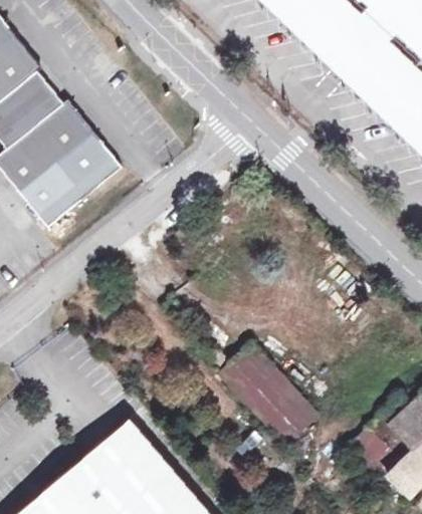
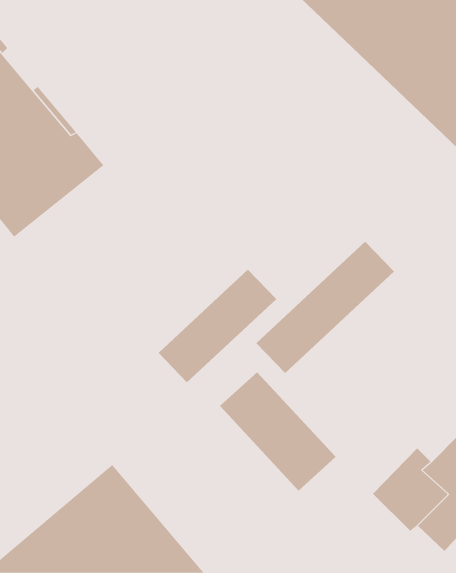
building: none -> [255,241,395,374]
building: none -> [158,269,277,383]

